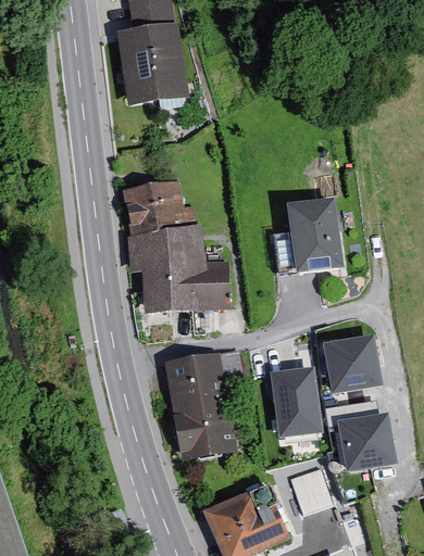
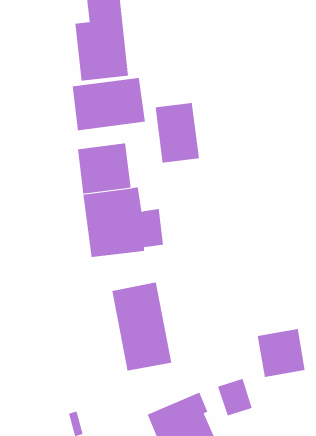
building: none -> [72,77,145,131]
building: [284,201,338,274] -> [155,103,200,163]
building: [324,330,383,389] -> none
building: [277,370,320,443] -> none

